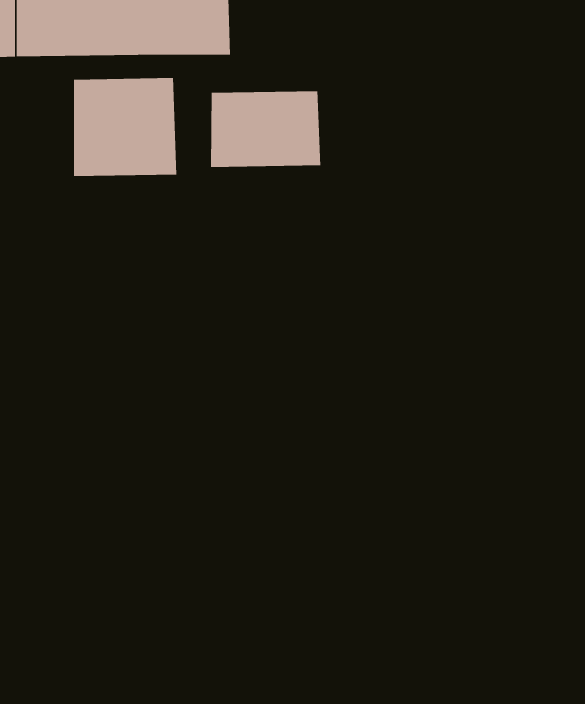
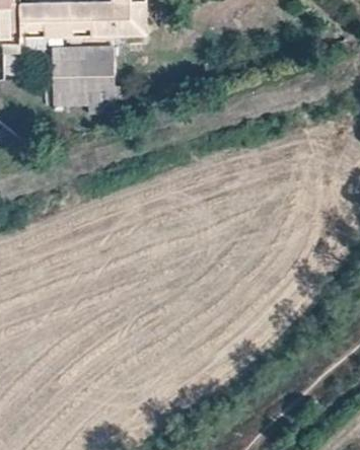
building: [210,90,321,168] -> none

